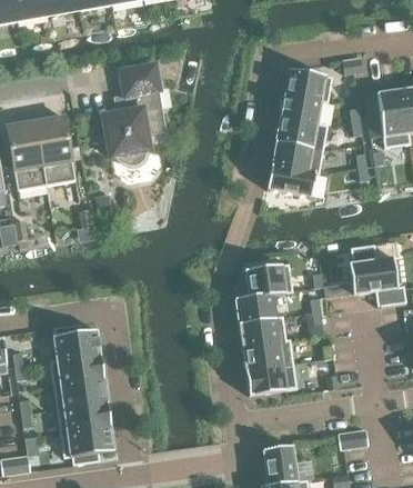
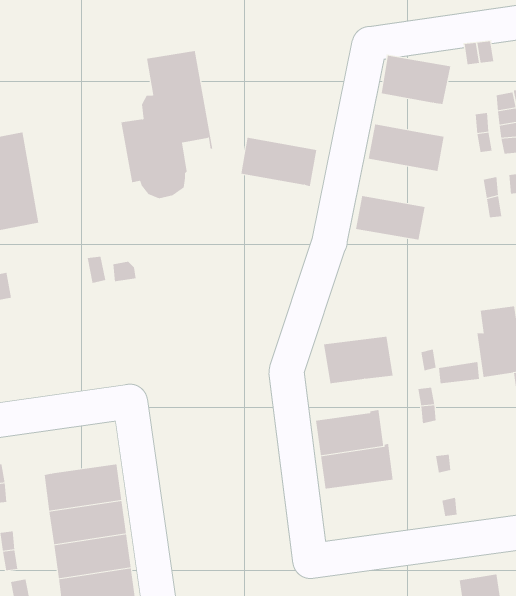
building: [280,94,321,122] -> none
building: [36,117,75,185] -> none
building: [271,140,324,175] -> [240,137,317,187]
building: [235,293,276,322] -> none
building: [52,323,101,359] -> none
building: [245,363,298,398] -> none

